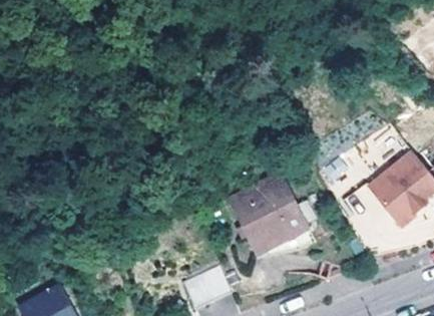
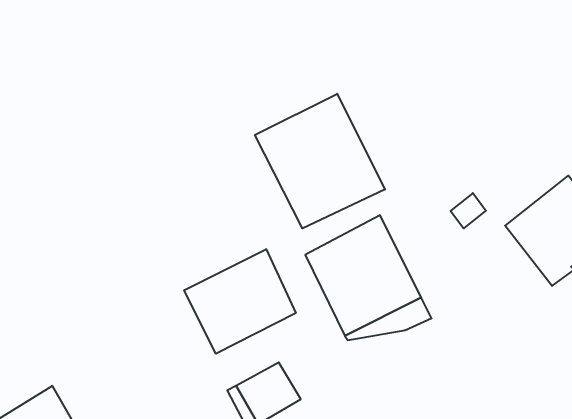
building: none -> [255,94,385,228]
building: none -> [184,249,296,354]

